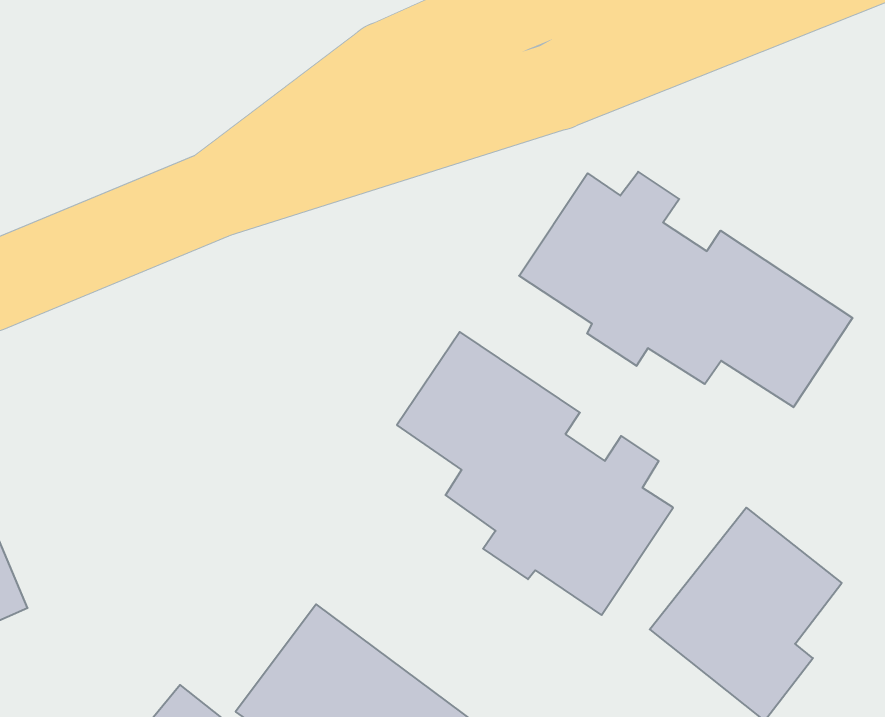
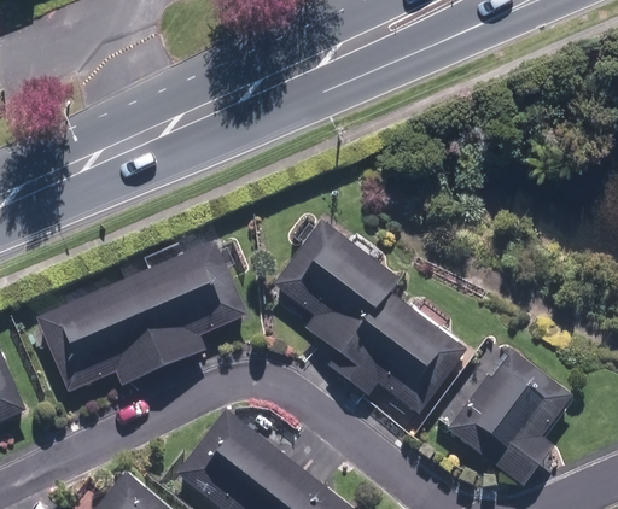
building: [519,172,852,407] -> none
building: none -> [37,241,256,393]

